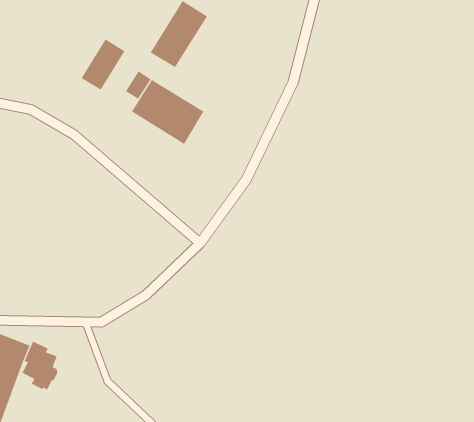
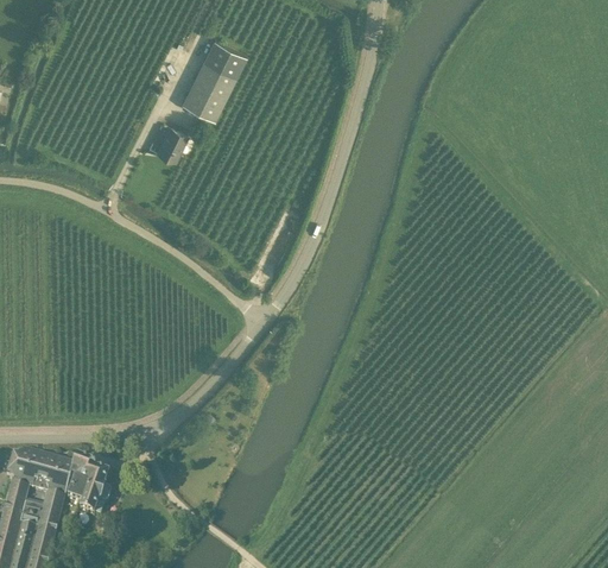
building: [81,39,125,91] -> none
building: [131,79,204,145] -> none

